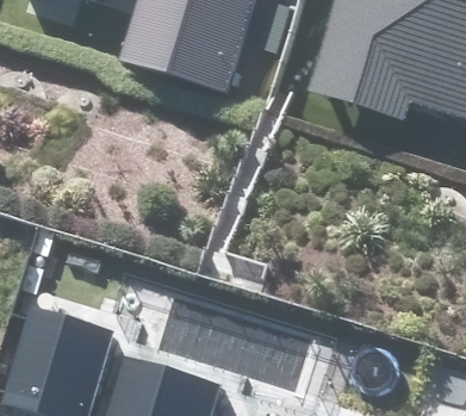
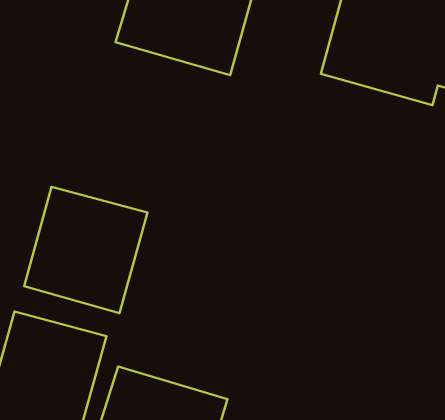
building: none -> [24,187,148,313]

